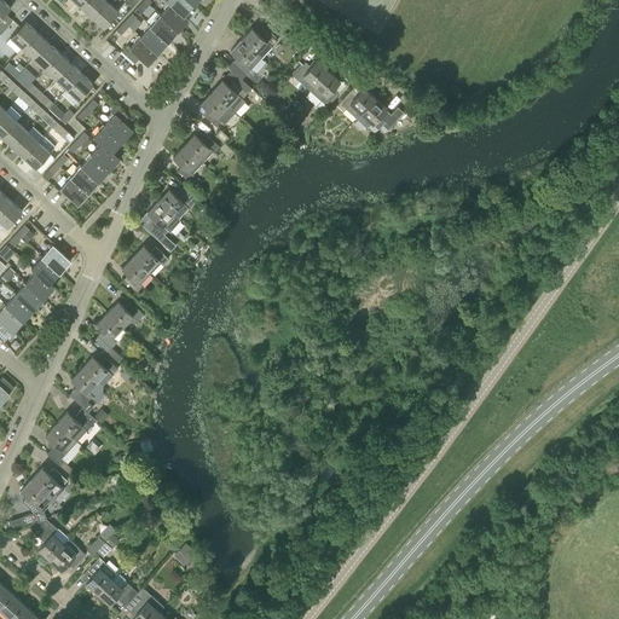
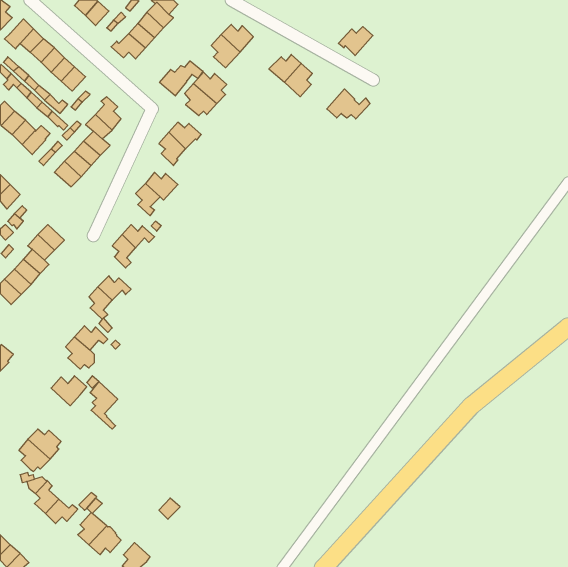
building: none -> [160,61,203,96]
building: [337,88,375,120] -> [338,27,373,56]
building: [46,423,76,475] -> [90,381,118,429]

